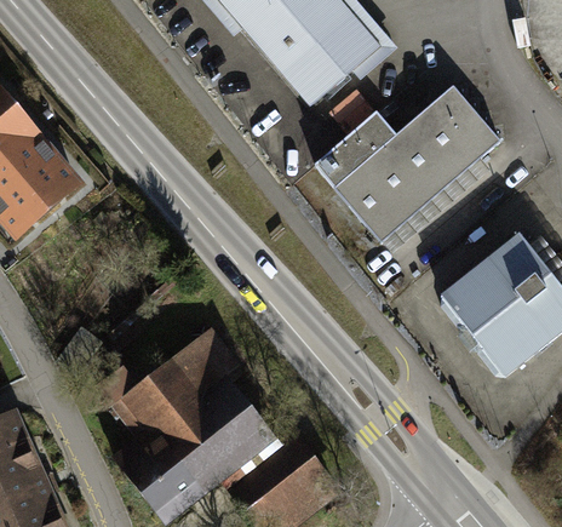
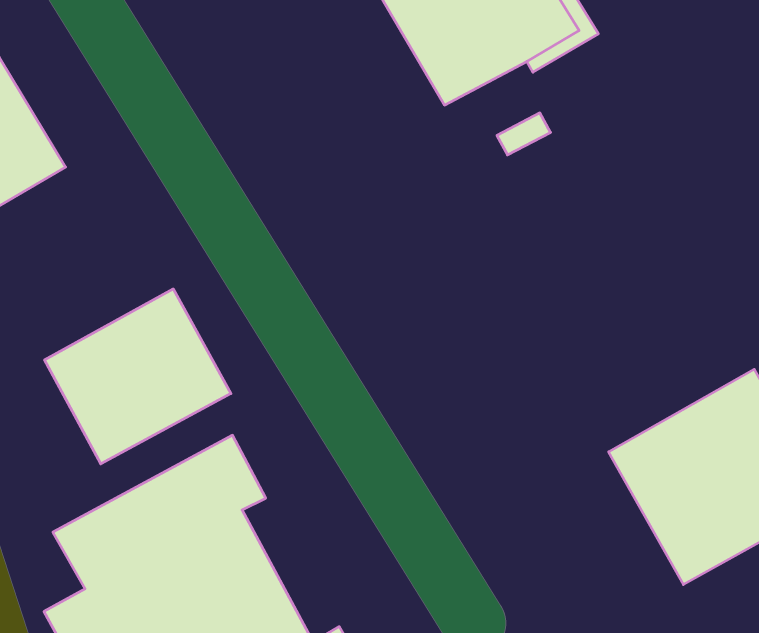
building: [317,90,495,239] -> none
building: none -> [45,289,231,464]

